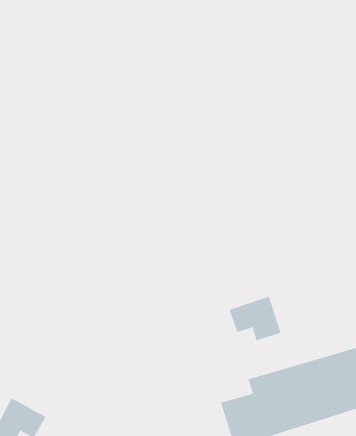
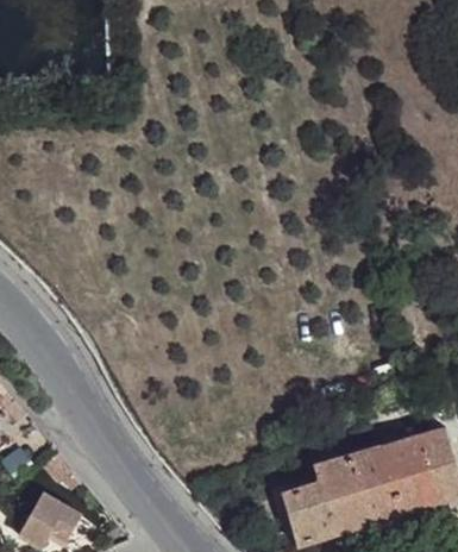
building: [229,296,281,341] -> none

